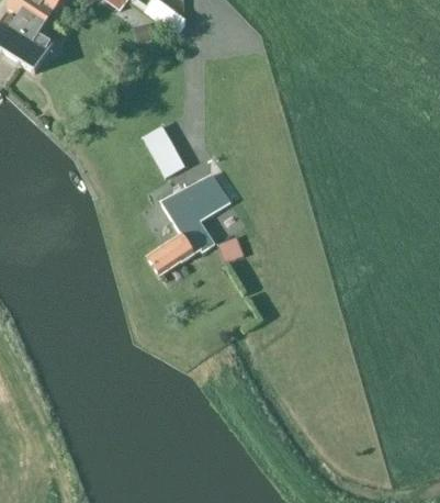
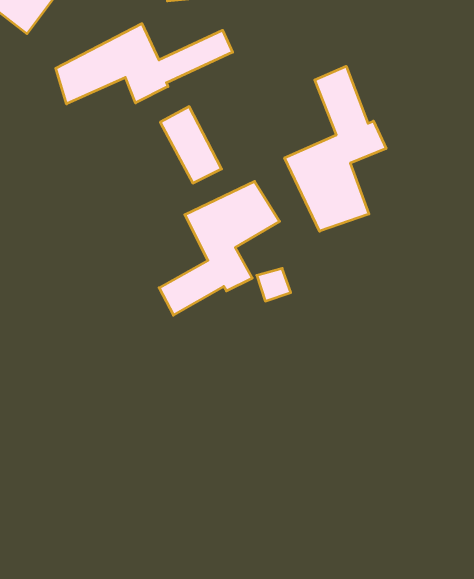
building: none -> [56,24,233,104]
building: none -> [285,66,386,231]

